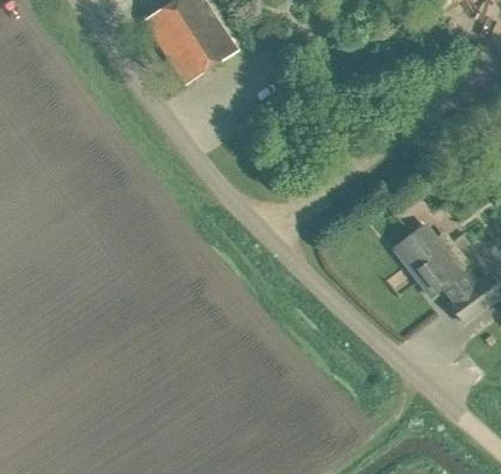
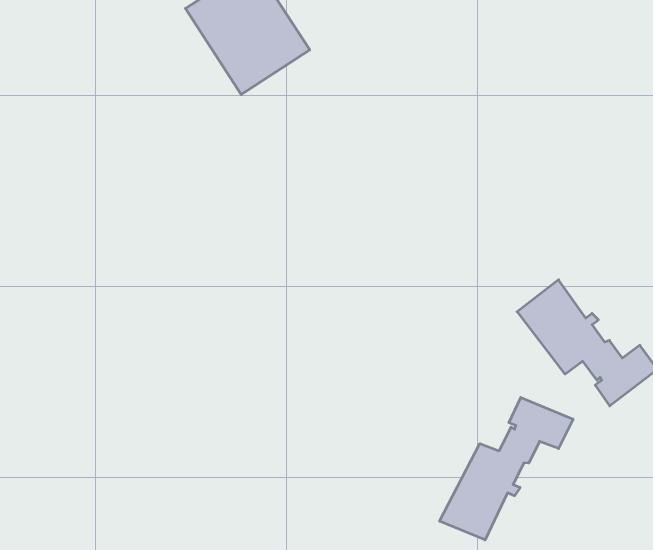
building: none -> [440,397,573,540]

